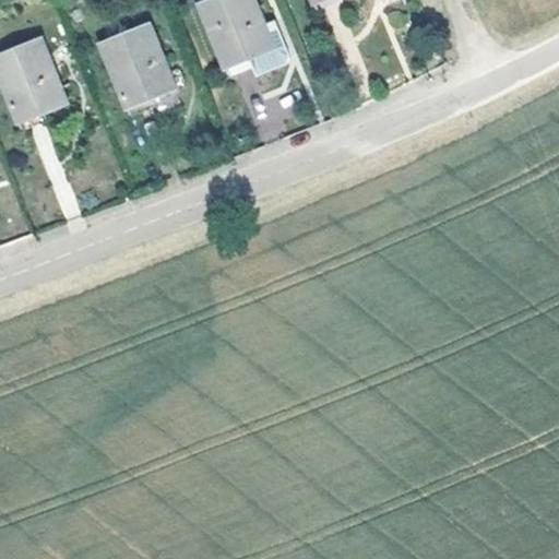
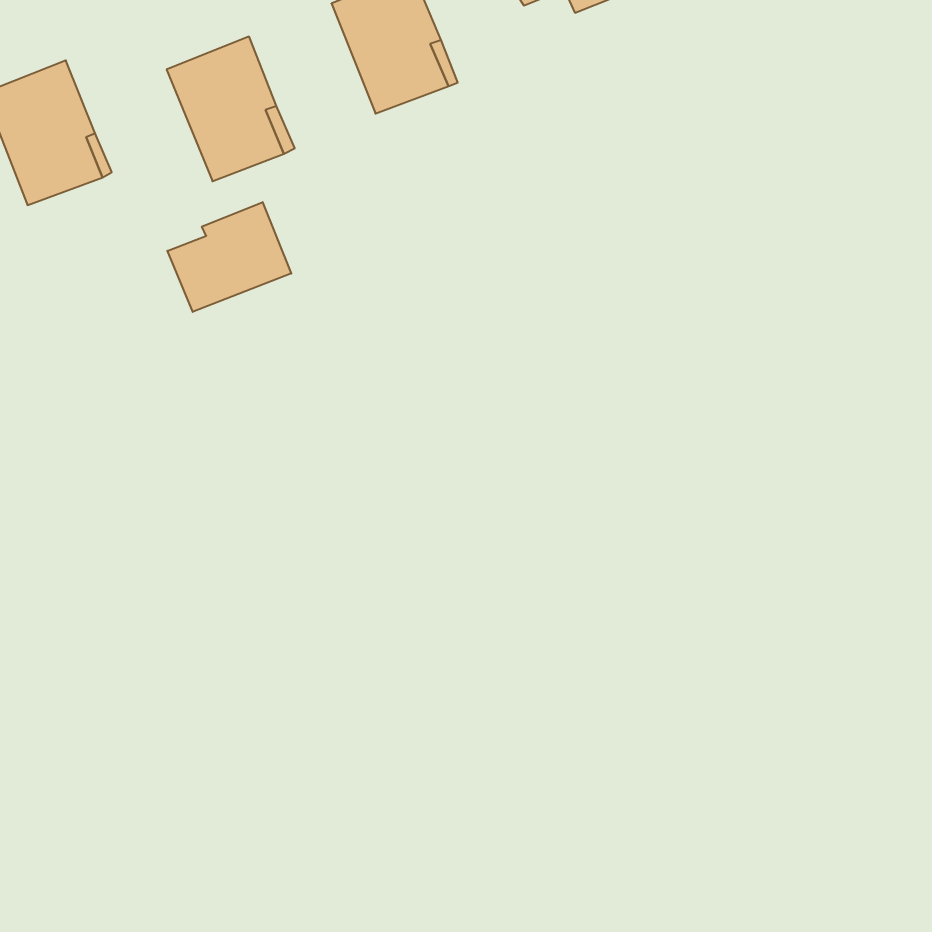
building: none -> [167,202,291,312]

